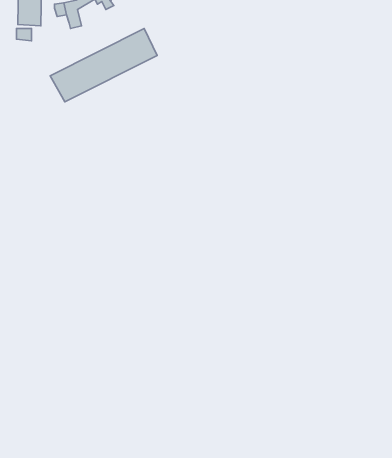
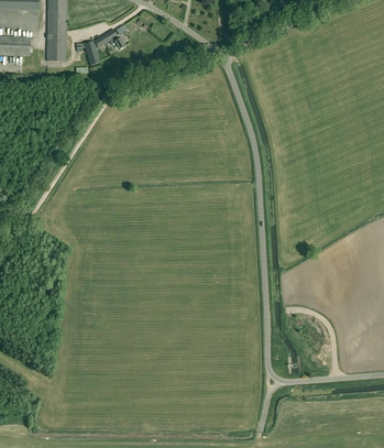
building: [50,29,157,102] -> none

